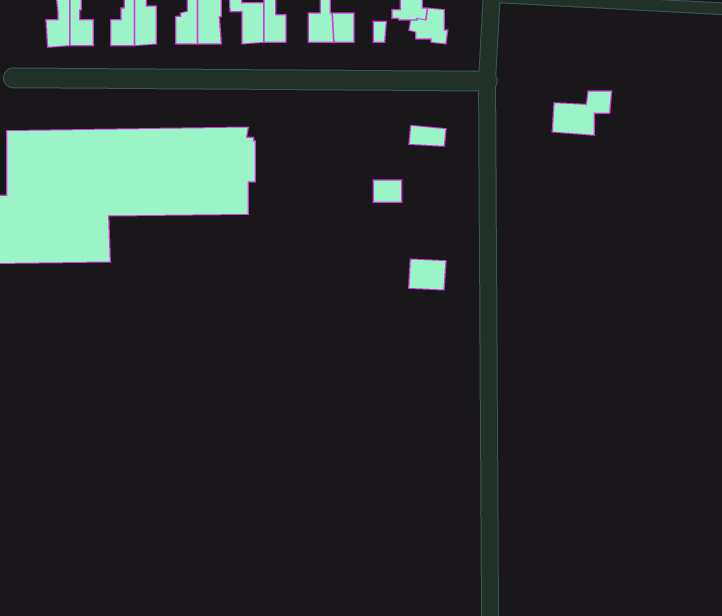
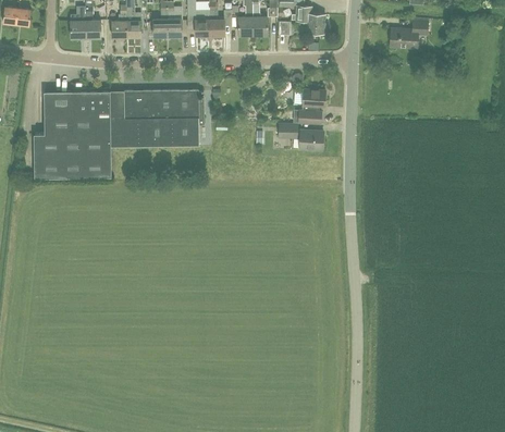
building: [552,91,612,135] -> [390,20,428,48]
building: none -> [293,100,324,123]
building: [409,259,446,290] -> [299,129,323,149]

